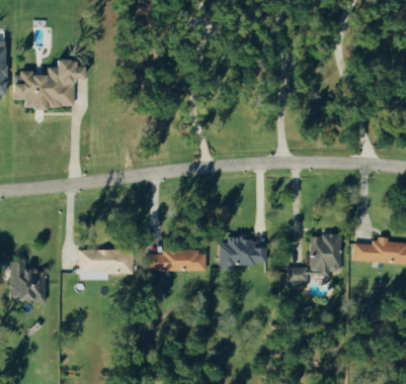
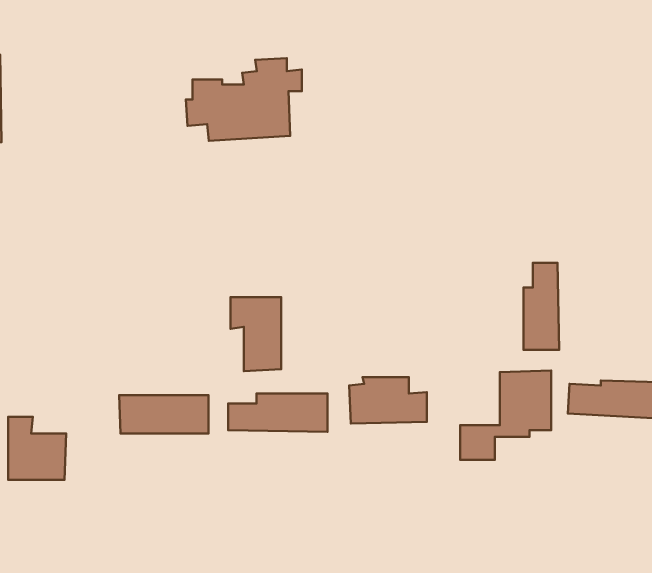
building: [11,58,82,108] -> [186,58,302,141]
building: none -> [524,263,559,350]
building: none -> [231,297,281,371]

